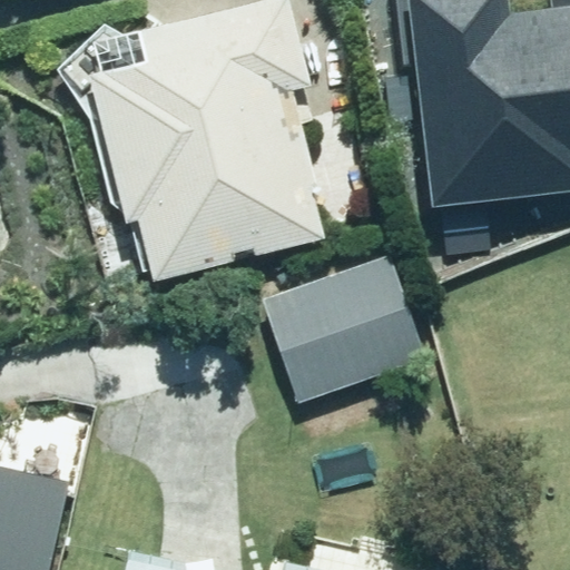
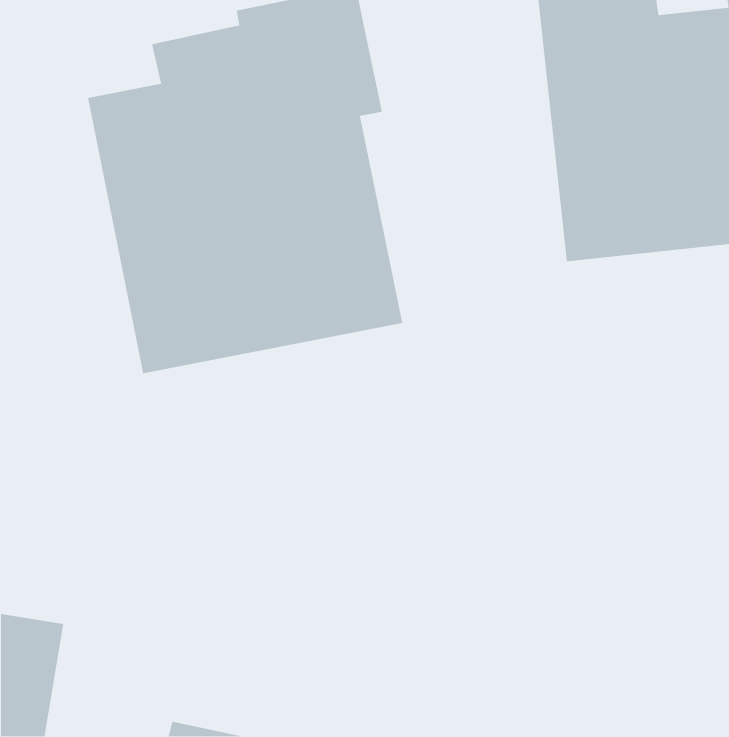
building: [262,254,426,403] -> none

